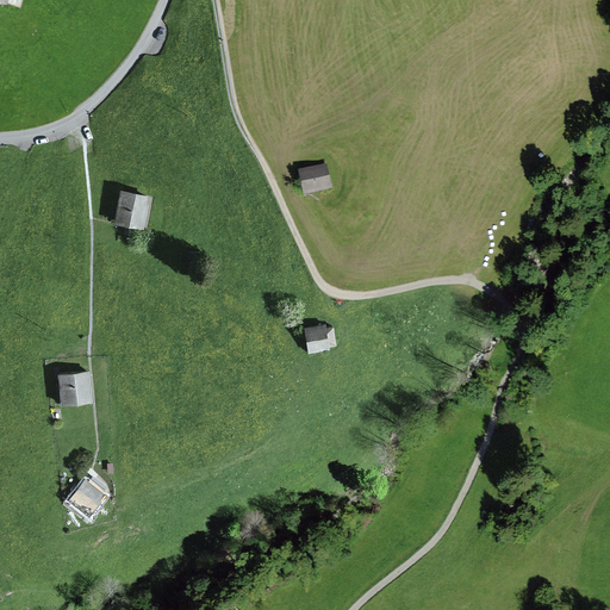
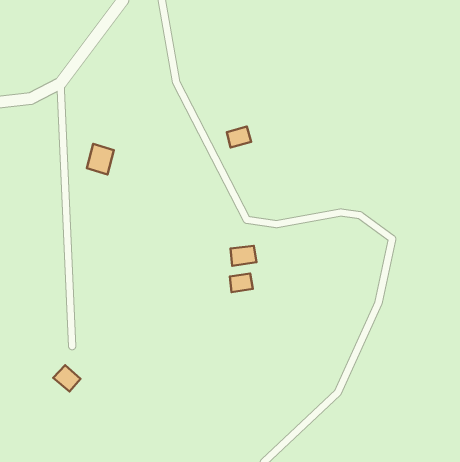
building: none -> [230,274,253,292]
building: [61,373,88,400] -> none

